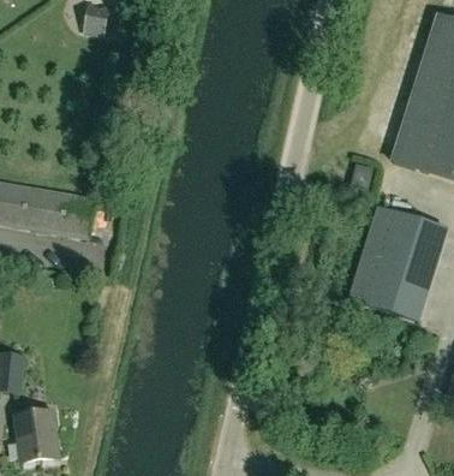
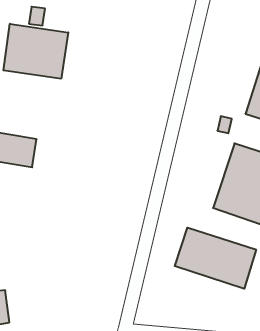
building: none -> [3,24,68,79]
building: none -> [175,228,256,289]

